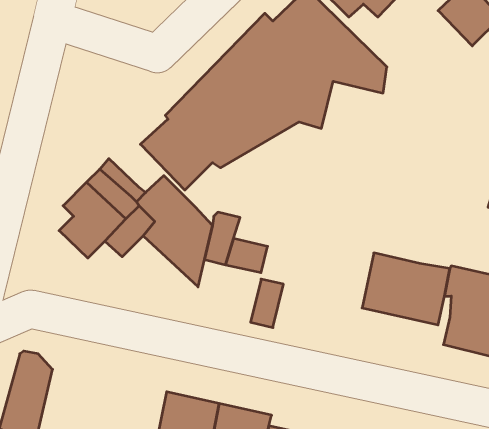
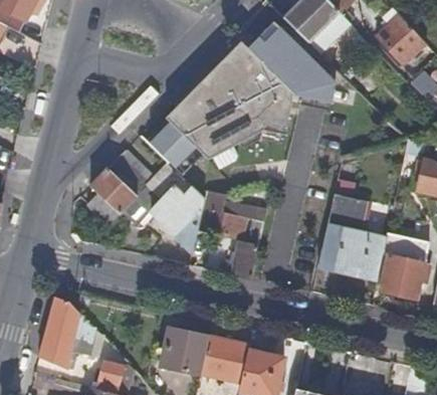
building: none -> [326,201,366,230]

